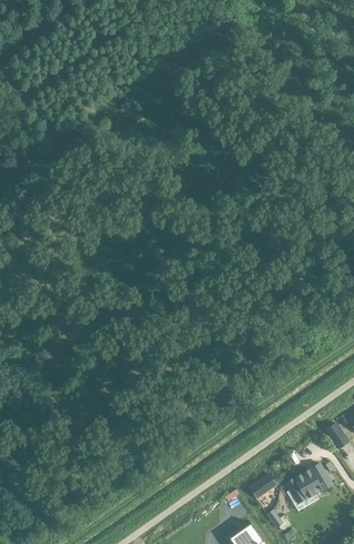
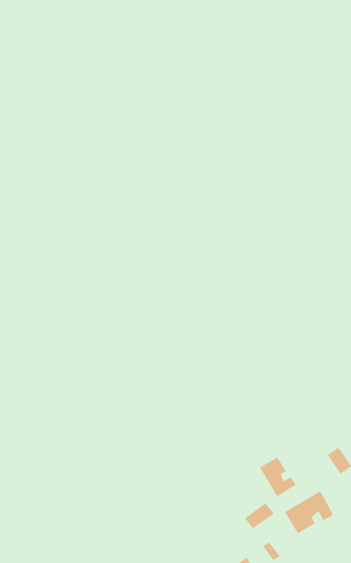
building: none -> [259,456,296,497]

